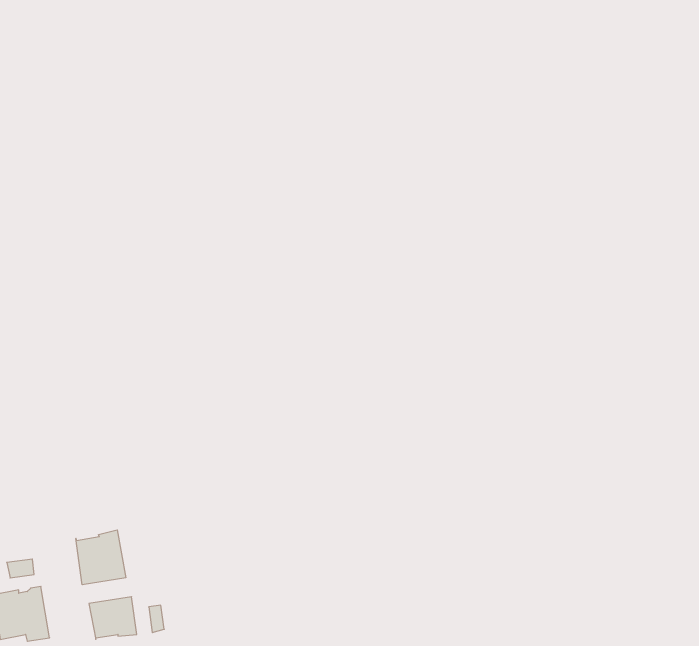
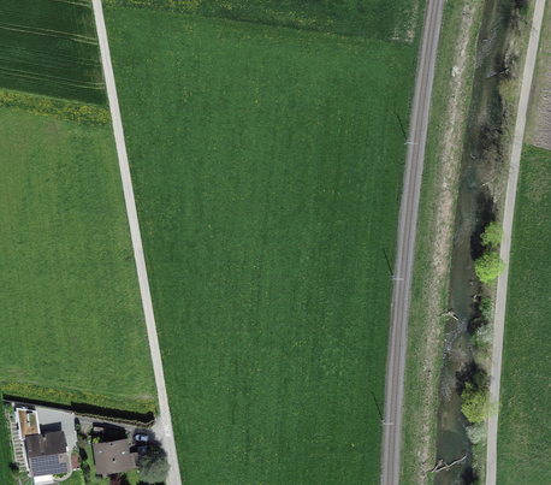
building: [76,530,126,585] -> none

